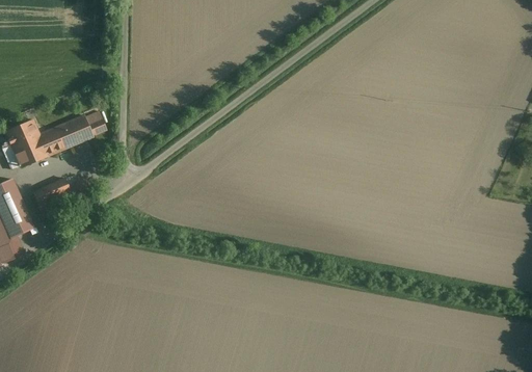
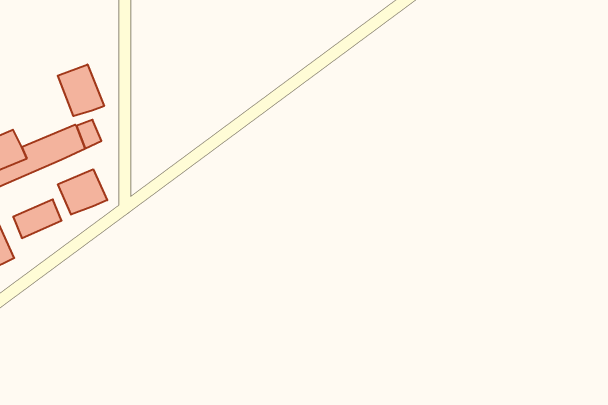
building: none -> [58,64,104,116]
building: none -> [58,169,107,215]

